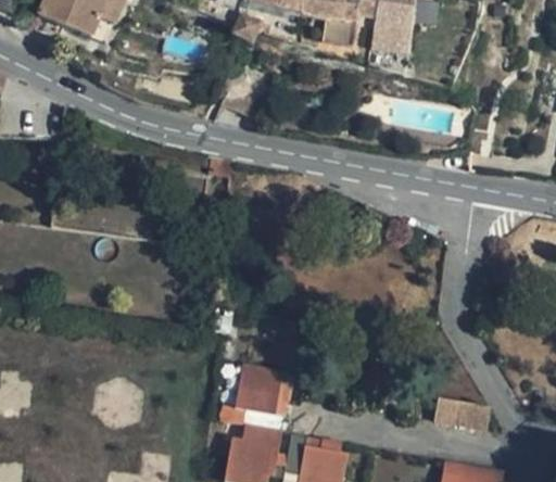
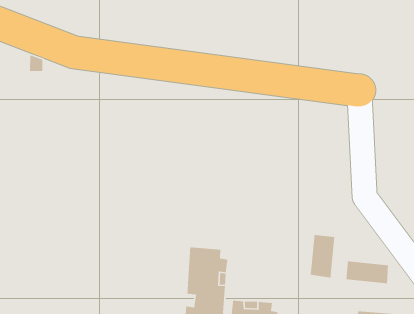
building: none -> [310,234,335,278]

